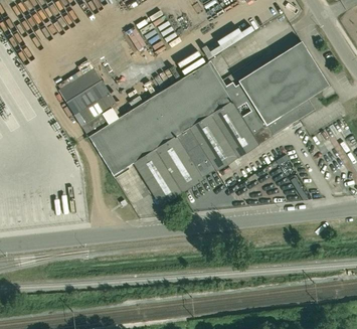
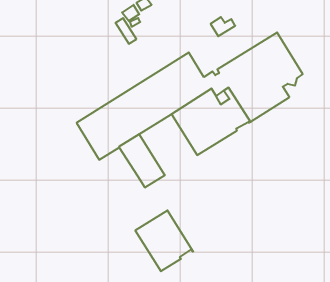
building: [58,68,117,137] -> none
building: [155,128,216,192] -> [135,210,193,271]

